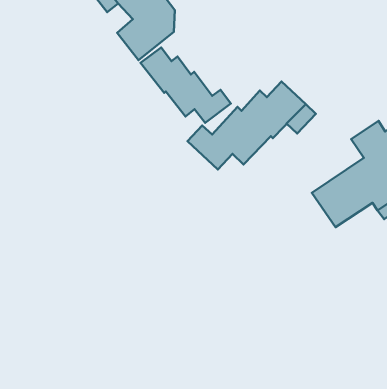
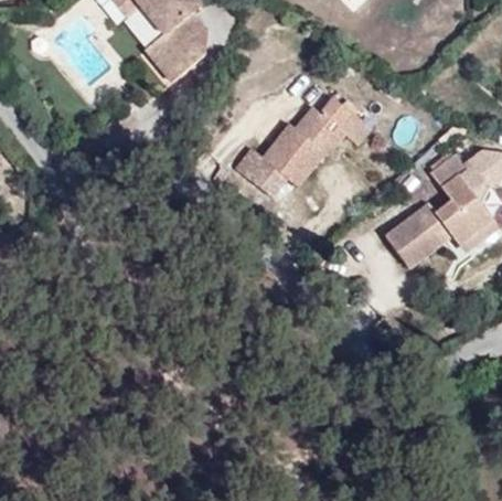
building: [140,48,231,123] -> none

